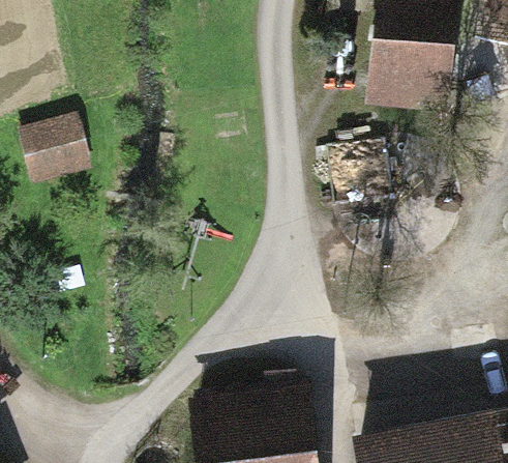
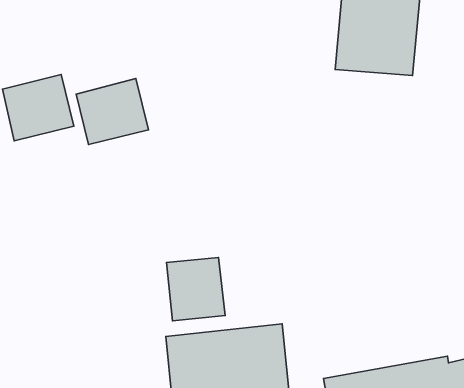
building: none -> [76,79,149,145]
building: none -> [167,258,225,321]

